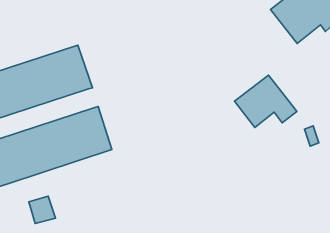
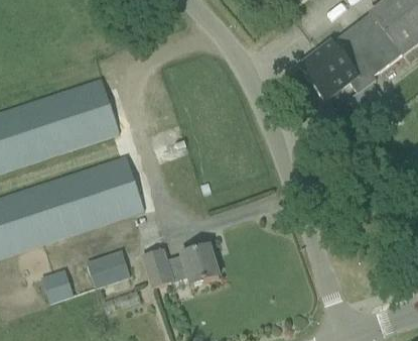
building: [235,75,297,128] -> [299,35,377,101]
building: none -> [144,246,220,289]
building: none -> [88,251,132,290]

